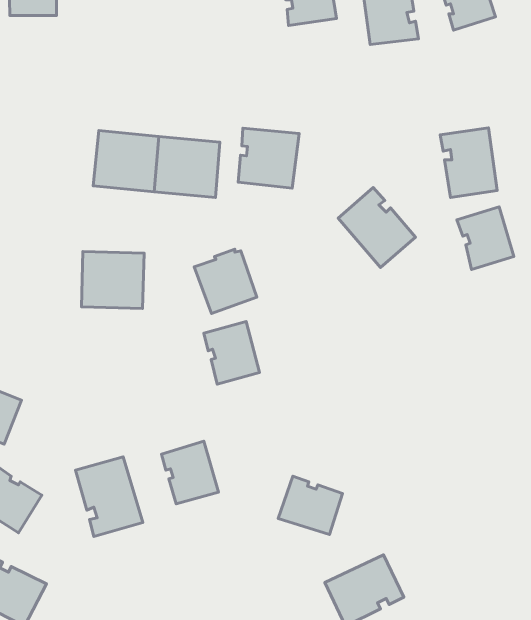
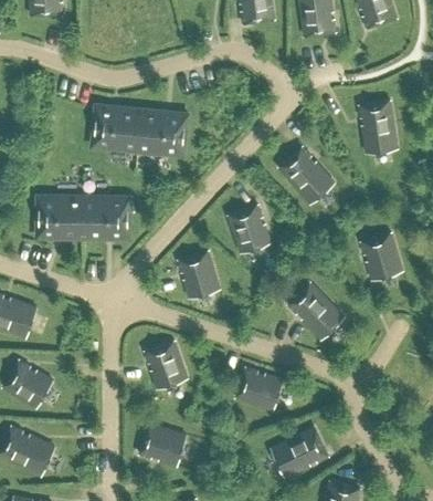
building: [238,128,299,188] -> none
building: [457,207,514,270] -> [360,231,403,279]
building: [194,249,257,313] -> [225,202,273,251]
building: none -> [38,195,85,238]
building: none -> [284,280,344,341]
building: [76,457,143,537] -> none
building: none -> [138,420,186,465]

